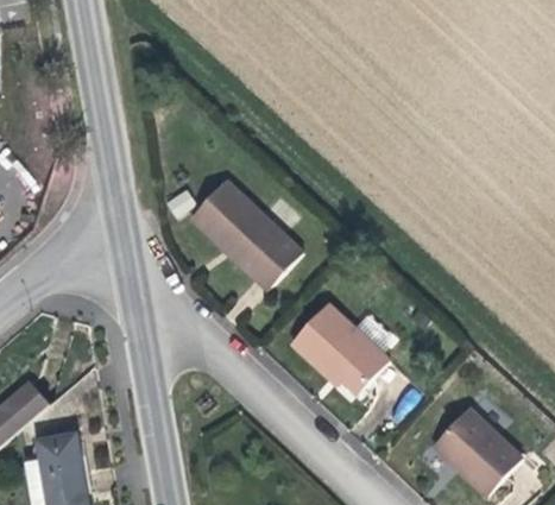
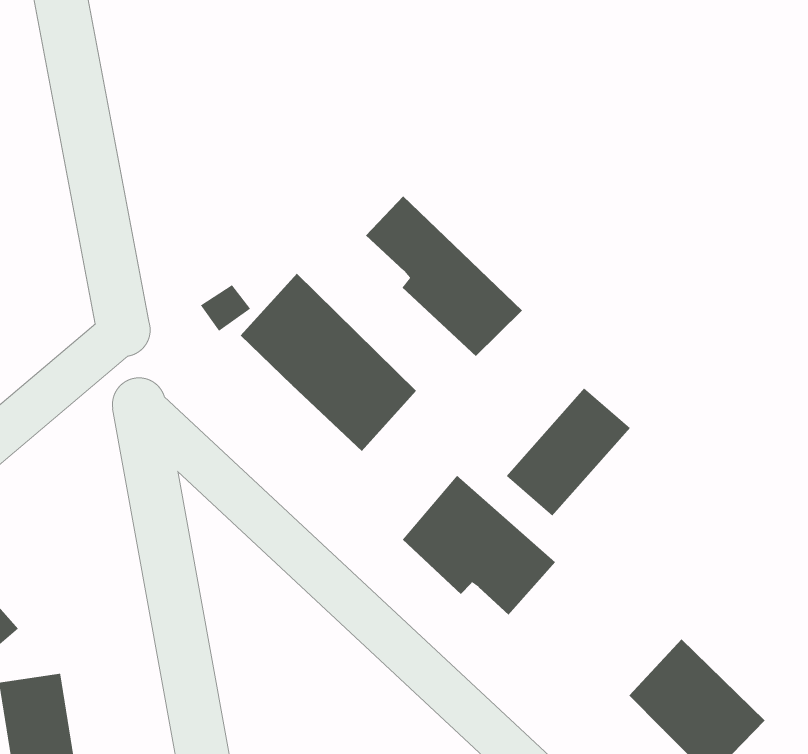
building: none -> [365,196,523,357]
building: none -> [506,387,631,516]

